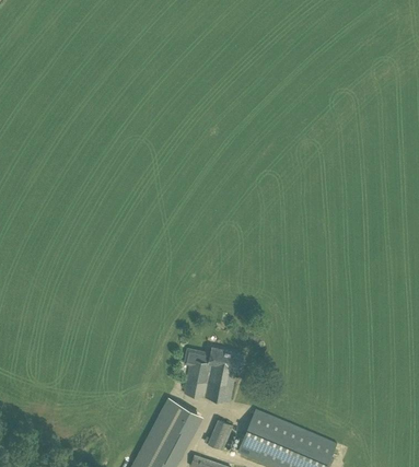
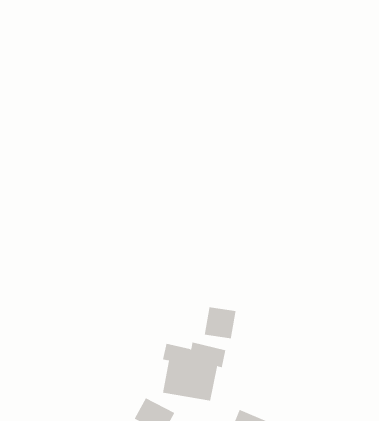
building: none -> [204,307,236,339]

